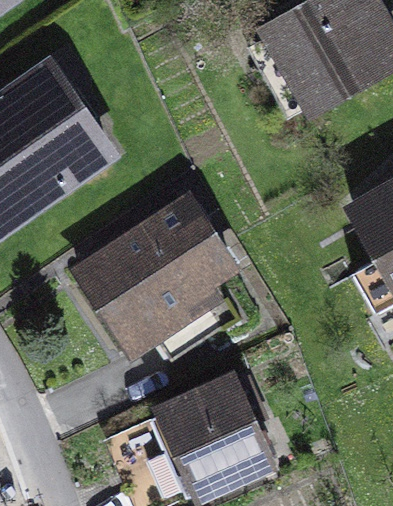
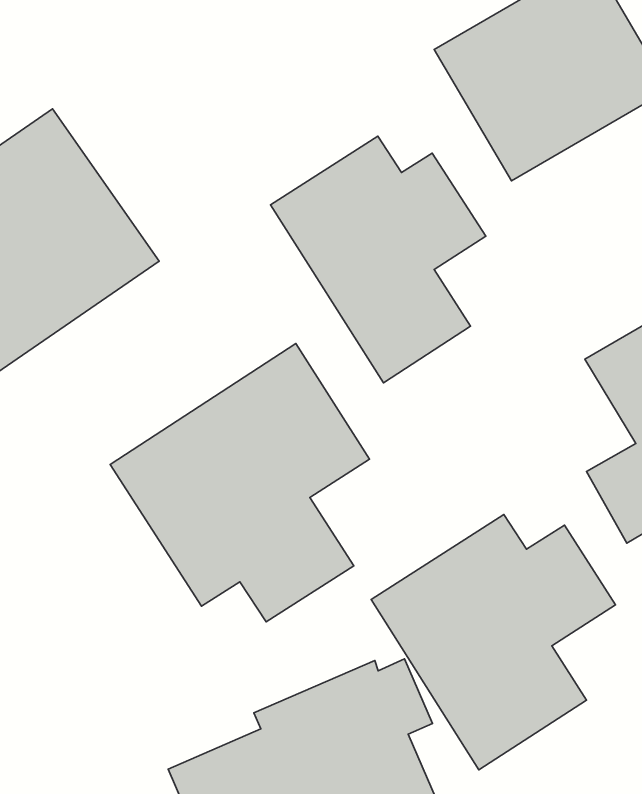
building: none -> [271,136,486,383]
building: none -> [371,514,616,770]

